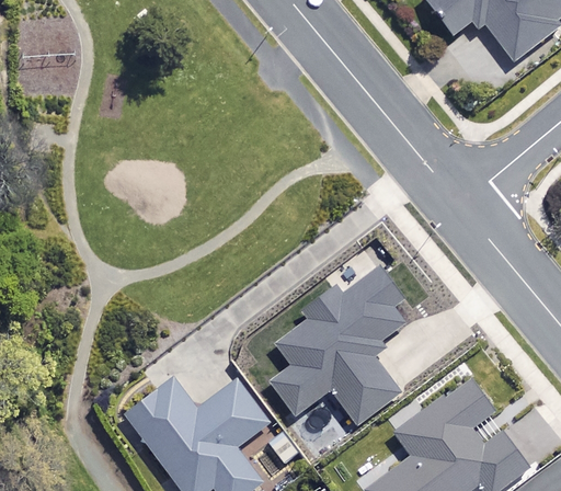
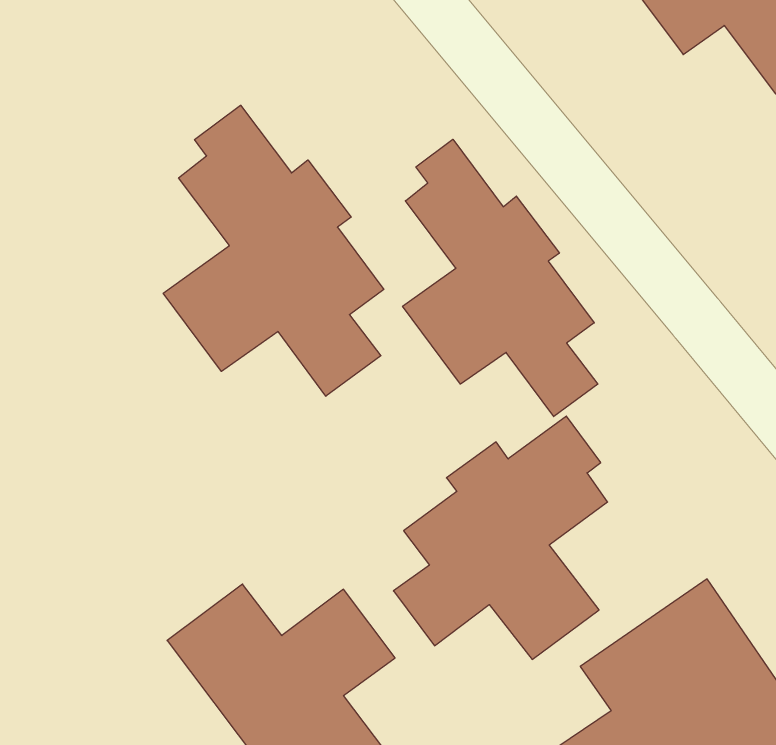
building: none -> [163,105,384,396]
building: none -> [403,139,598,417]

